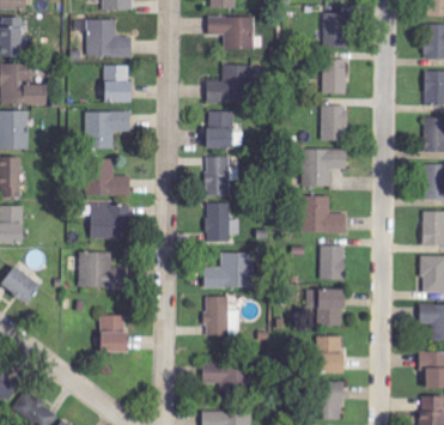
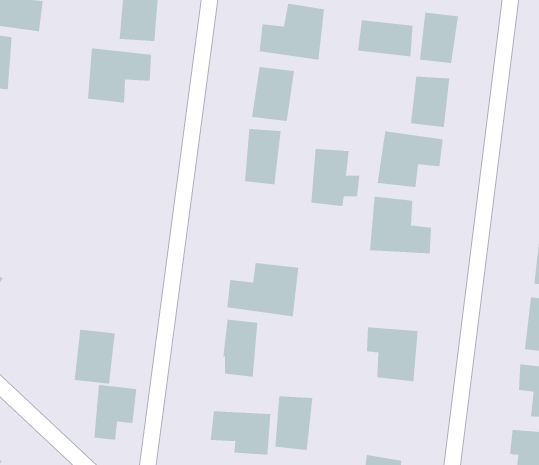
building: none -> [358,19,413,57]
building: [86,158,129,195] -> none
building: [205,201,239,242] -> [310,148,360,207]
building: [90,204,128,238] -> none
building: [320,245,345,280] -> none
building: [78,251,127,287] -> none
building: [317,335,342,374] -> [275,396,313,451]
building: none -> [94,384,137,441]

